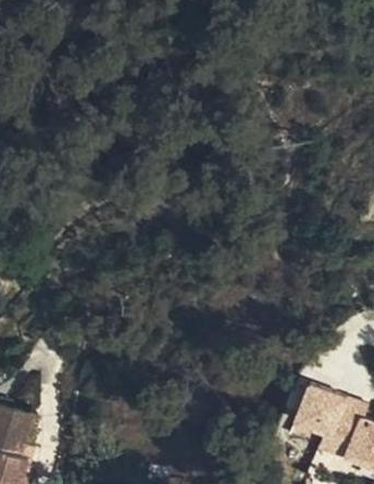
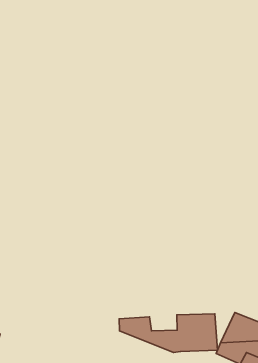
building: none -> [119,314,217,352]

